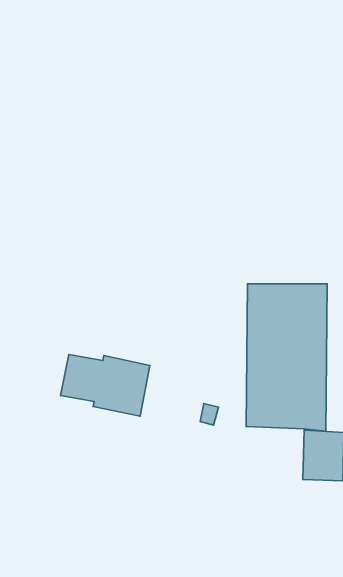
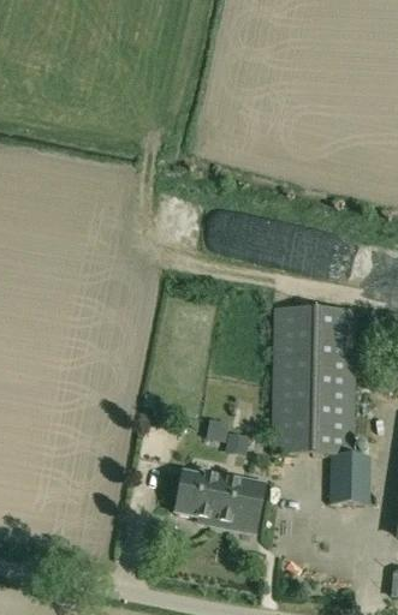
building: [60,354,150,416] -> [176,470,265,531]

